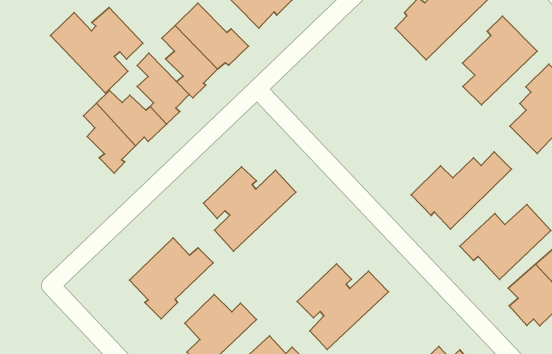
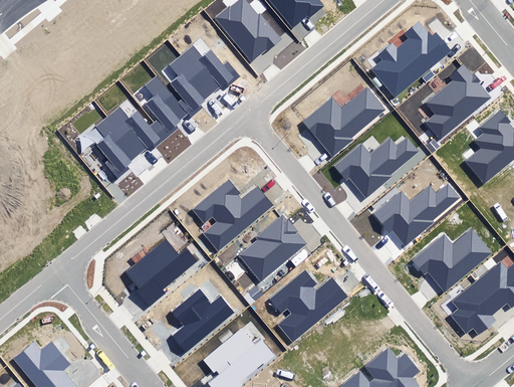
building: [51,8,143,93] -> none
building: none -> [301,86,384,157]
building: none -> [333,137,418,197]
building: none -> [240,215,305,280]

